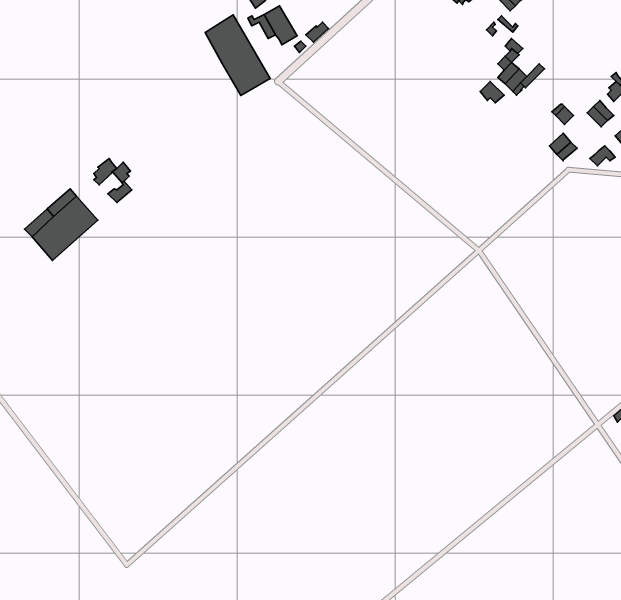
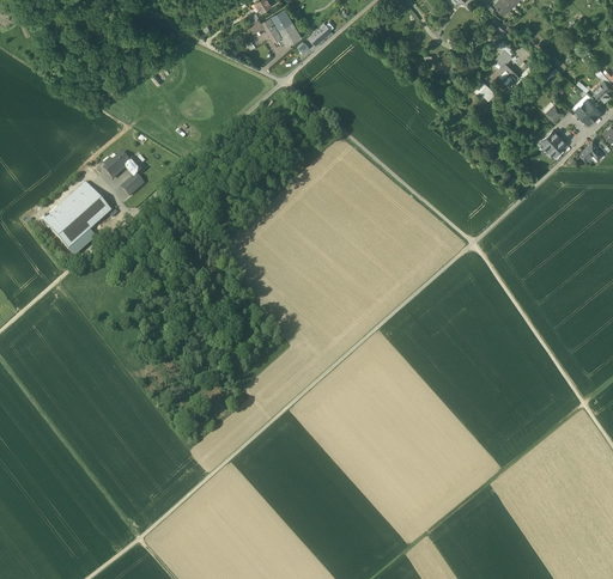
building: [205,15,270,95] -> none

